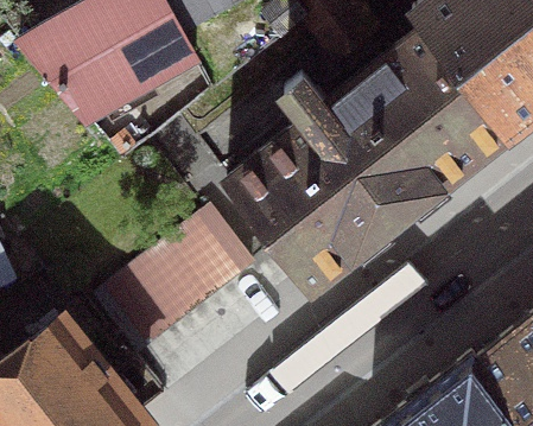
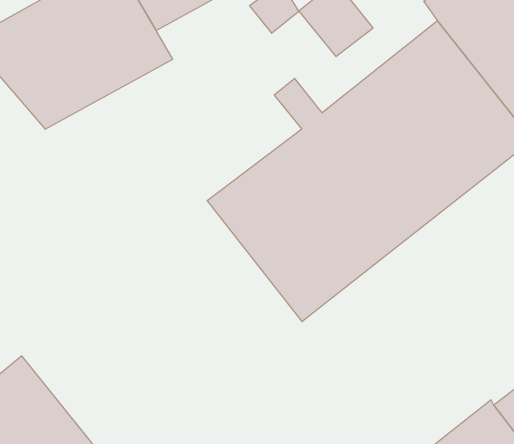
building: [97,210,250,350] -> none

